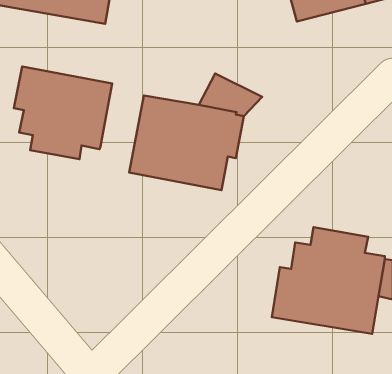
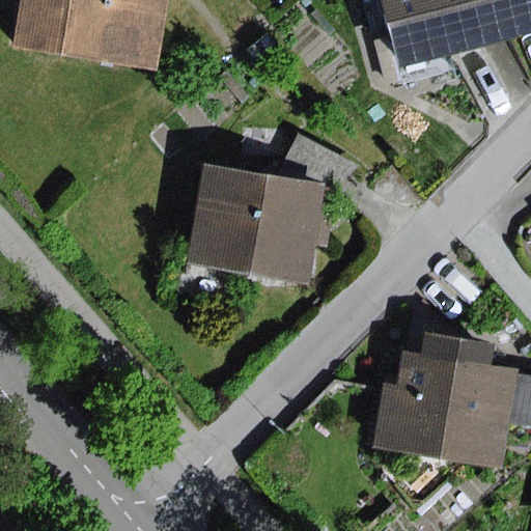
building: [14,66,112,159] -> none

